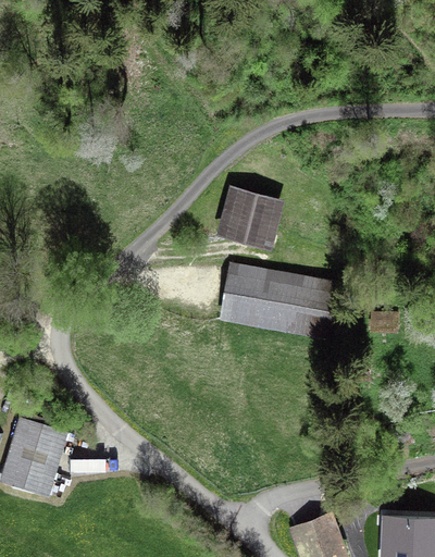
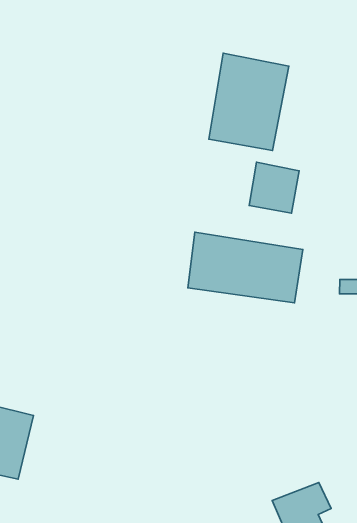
building: none -> [209,53,289,151]
building: [221,189,272,242] -> [249,162,299,213]

